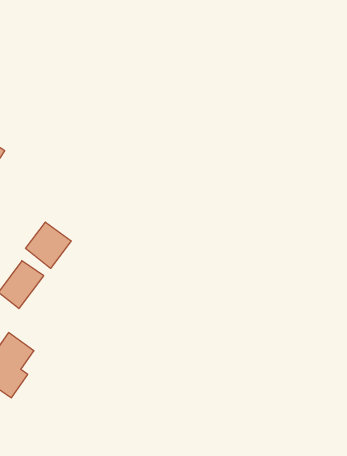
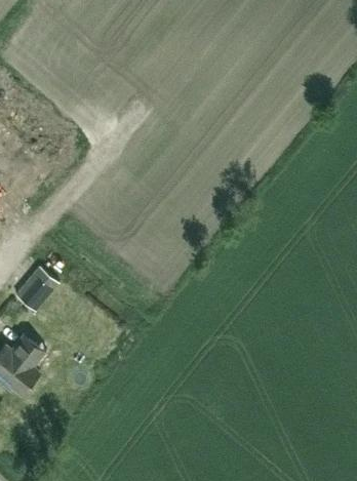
building: [26,222,71,268] -> none

